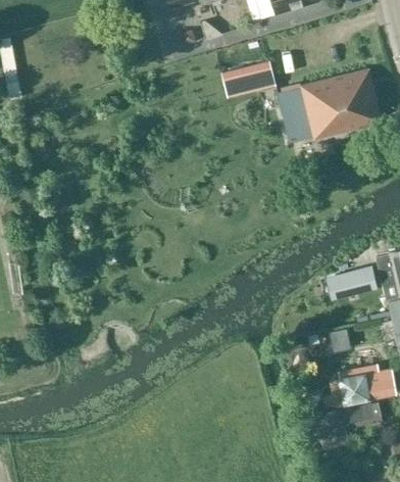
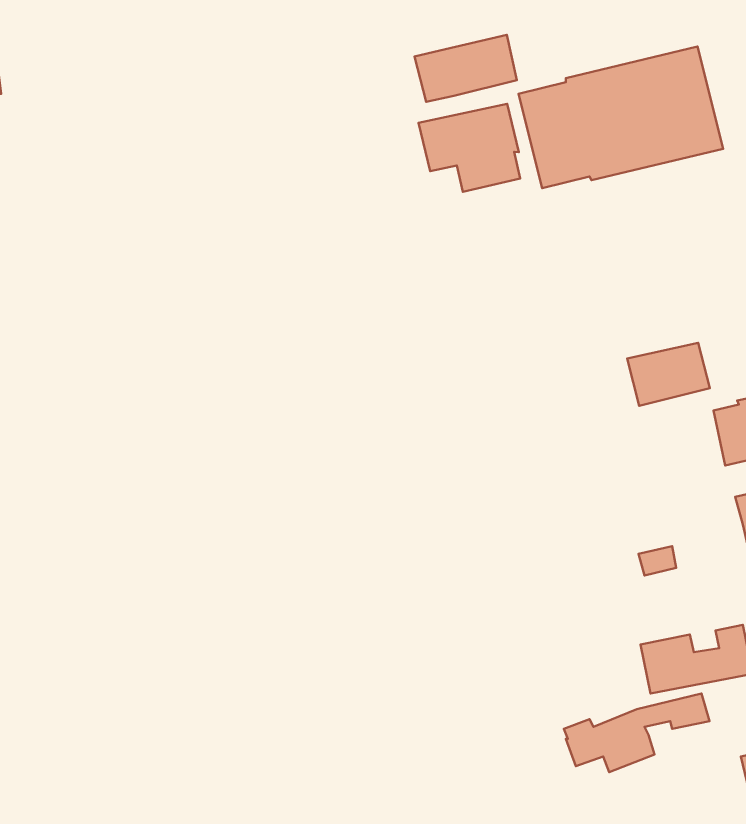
building: none -> [419,104,520,192]
building: [335,264,378,297] -> [627,343,710,406]

